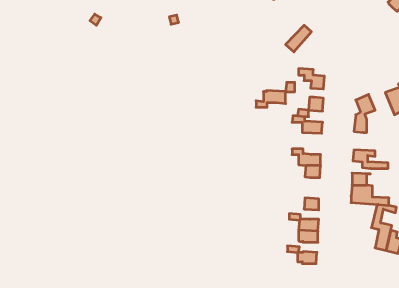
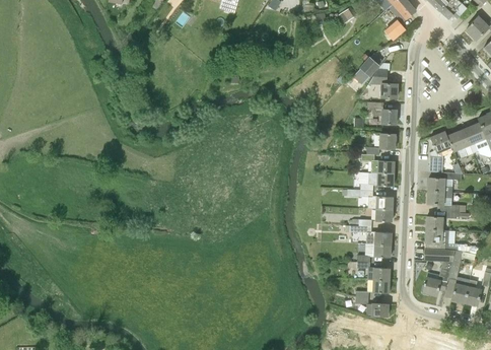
building: none -> [368,69,397,97]
building: [256,91,286,107] -> [360,171,393,190]
building: none -> [446,128,473,156]
building: none -> [428,171,462,192]
building: none -> [345,224,391,244]
building: none -> [422,249,454,295]

